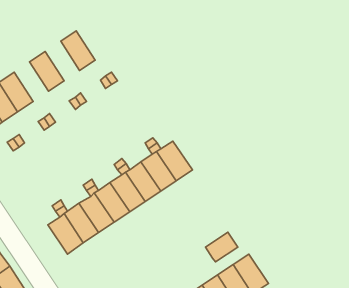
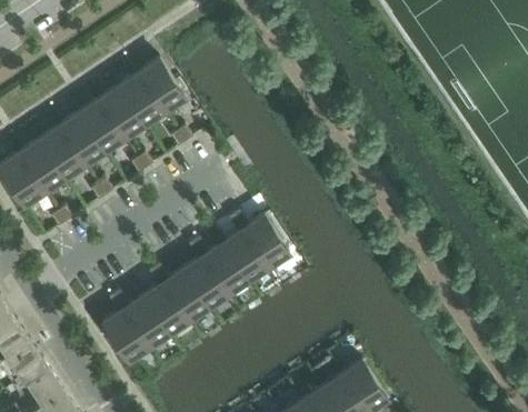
building: none -> [138,61,183,112]
building: none -> [98,88,142,139]
building: none -> [58,114,102,165]
building: [205,232,238,262] -> none

